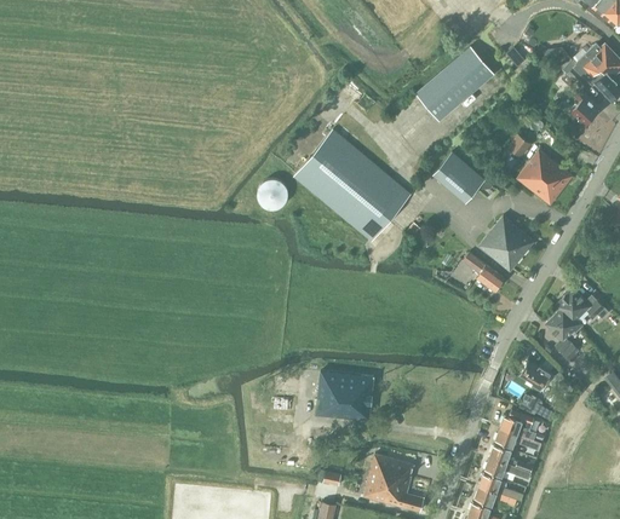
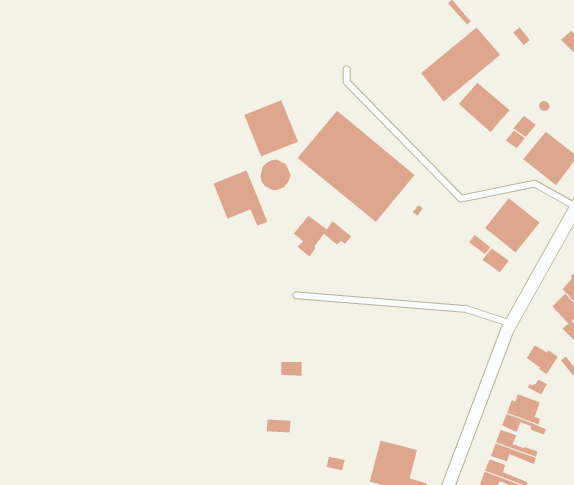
building: none -> [244,99,299,157]
building: [432,152,484,203] -> [458,82,510,133]
building: none -> [213,169,268,227]
building: none -> [293,215,352,258]
building: [316,371,373,420] -> none

